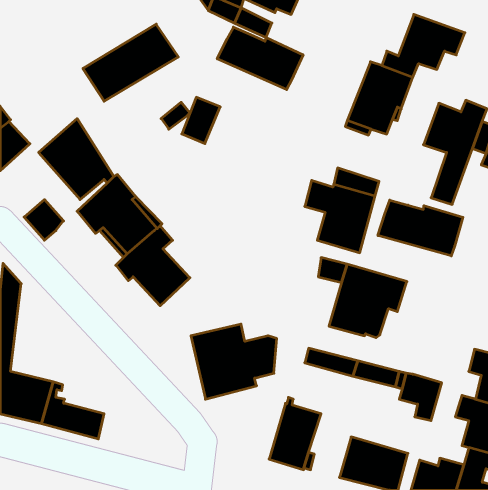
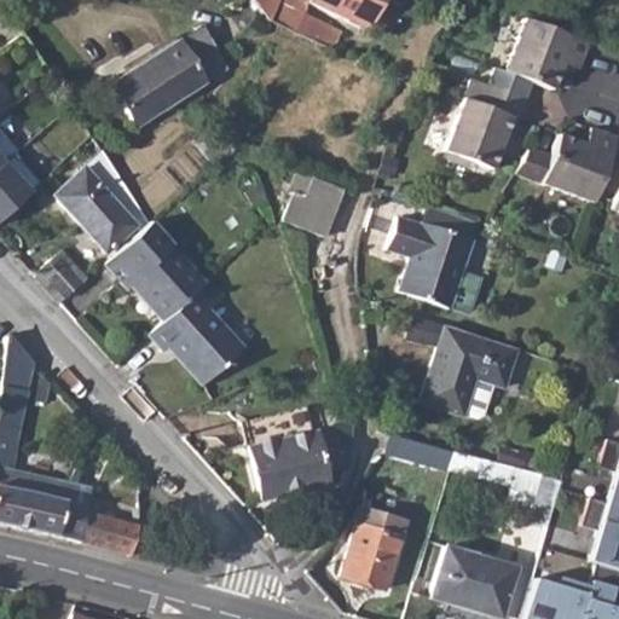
building: [217,27,303,90] -> none
building: [182,97,220,144] -> [293,181,341,239]
building: [378,200,463,256] -> none

